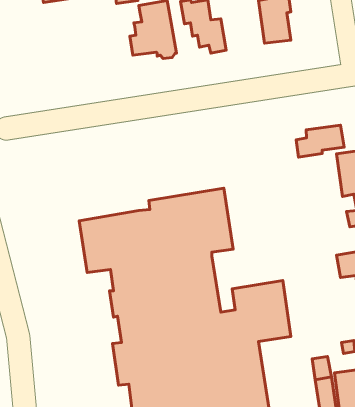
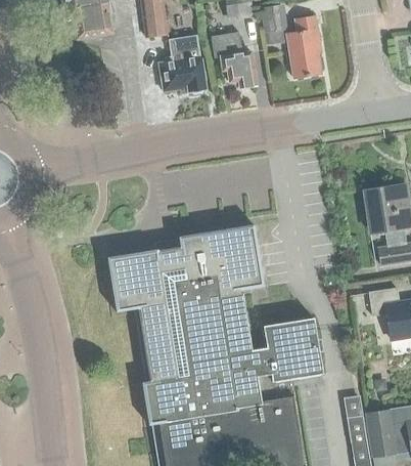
building: [296,125,344,157] -> none

